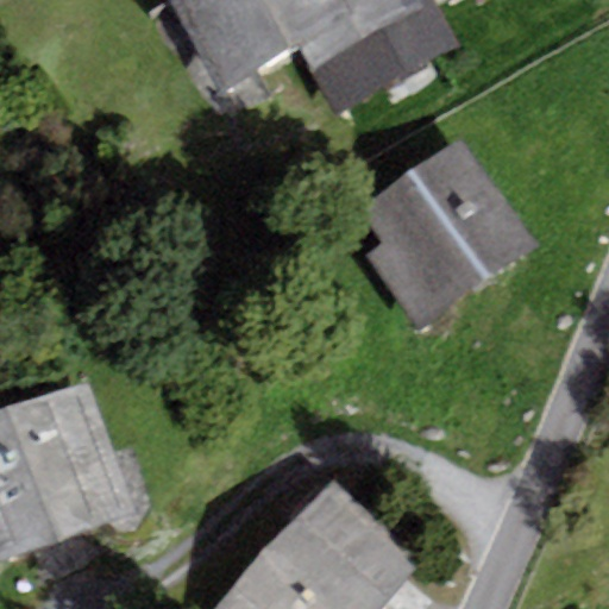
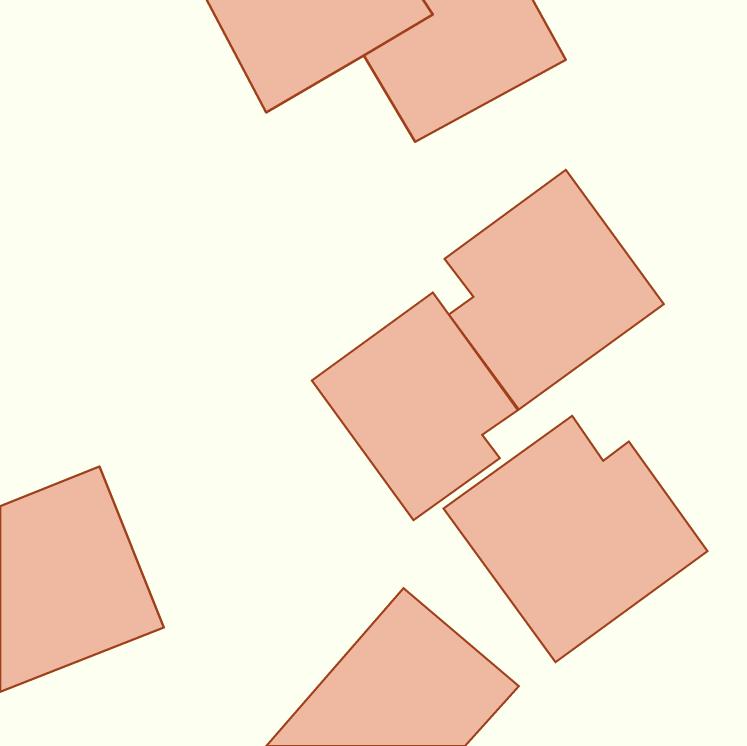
building: none -> [312,292,518,520]
building: none -> [444,416,708,662]

